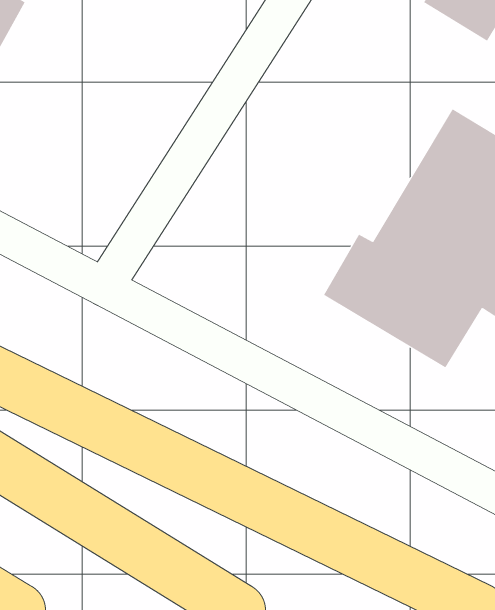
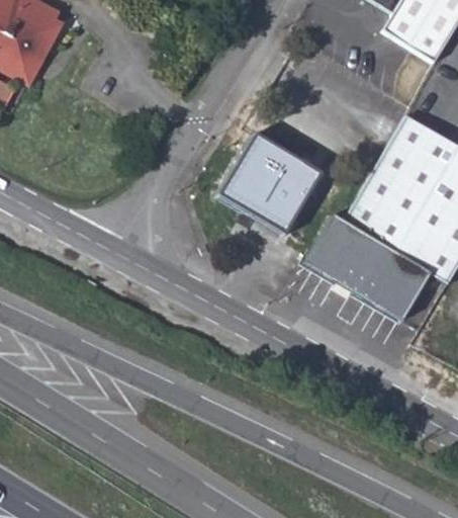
building: none -> [218,134,319,233]

